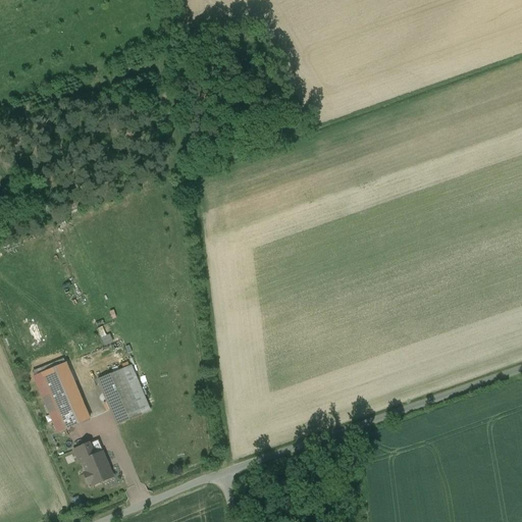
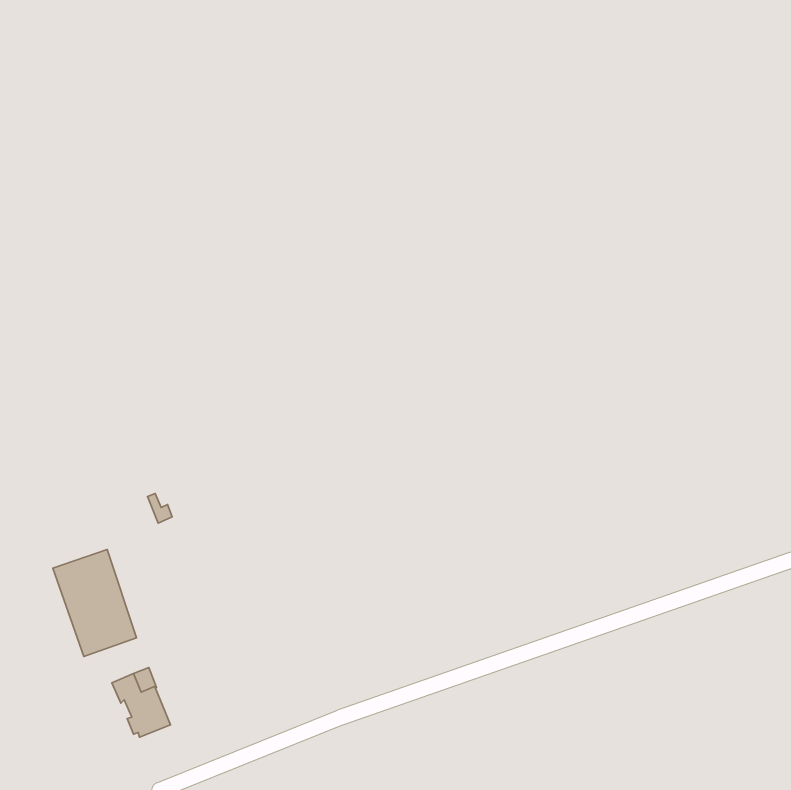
building: [97,364,149,423] -> none

